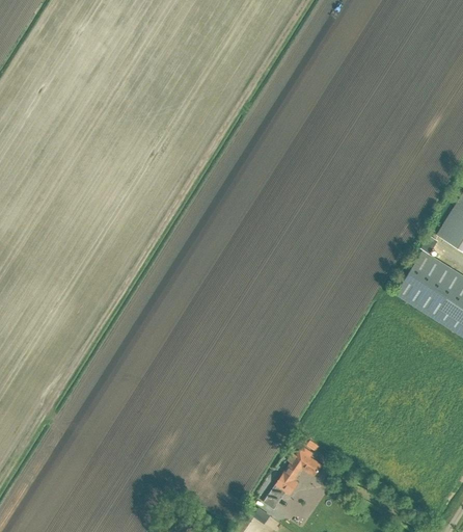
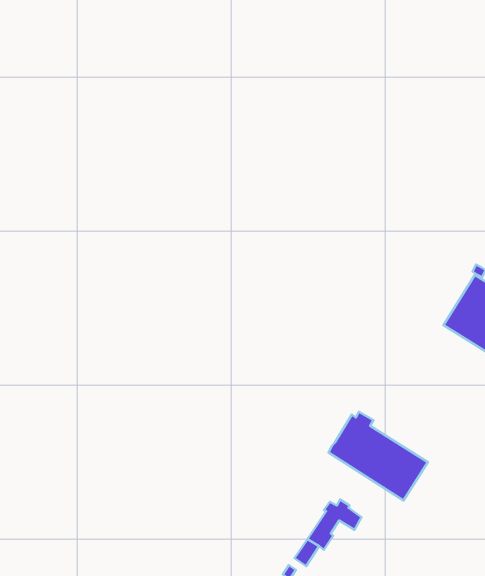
building: none -> [329,412,428,501]

